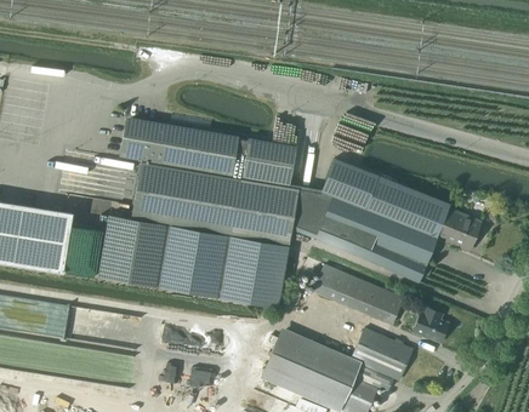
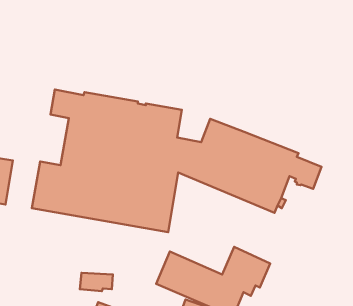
building: [313,264,403,324] -> none
building: [413,307,449,343] -> none

